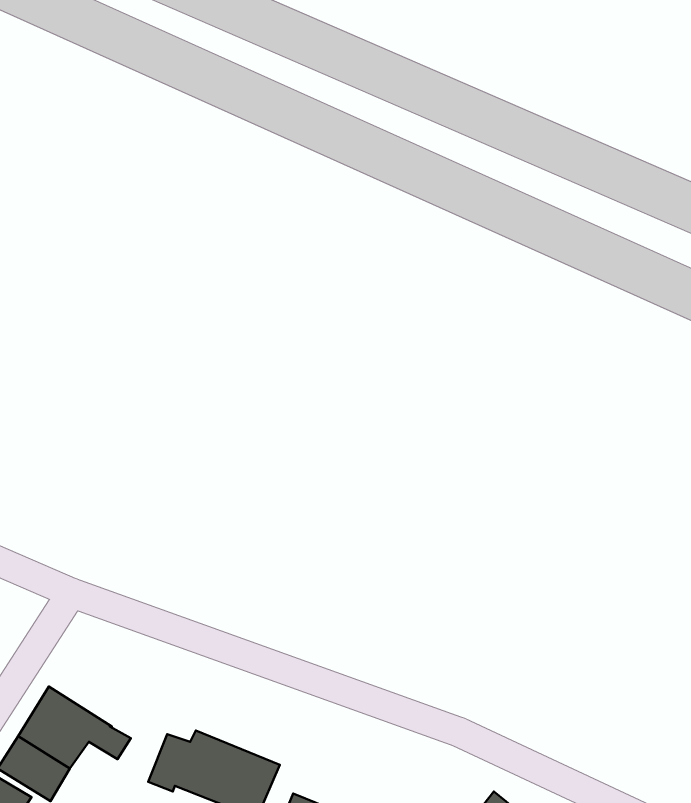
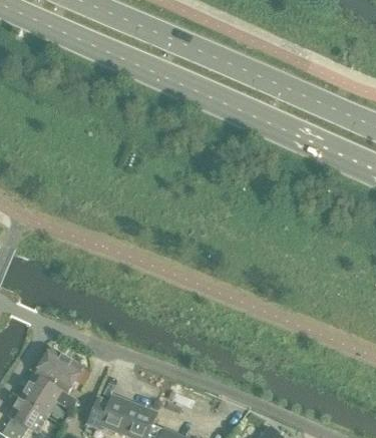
building: none -> [35,348,83,394]

